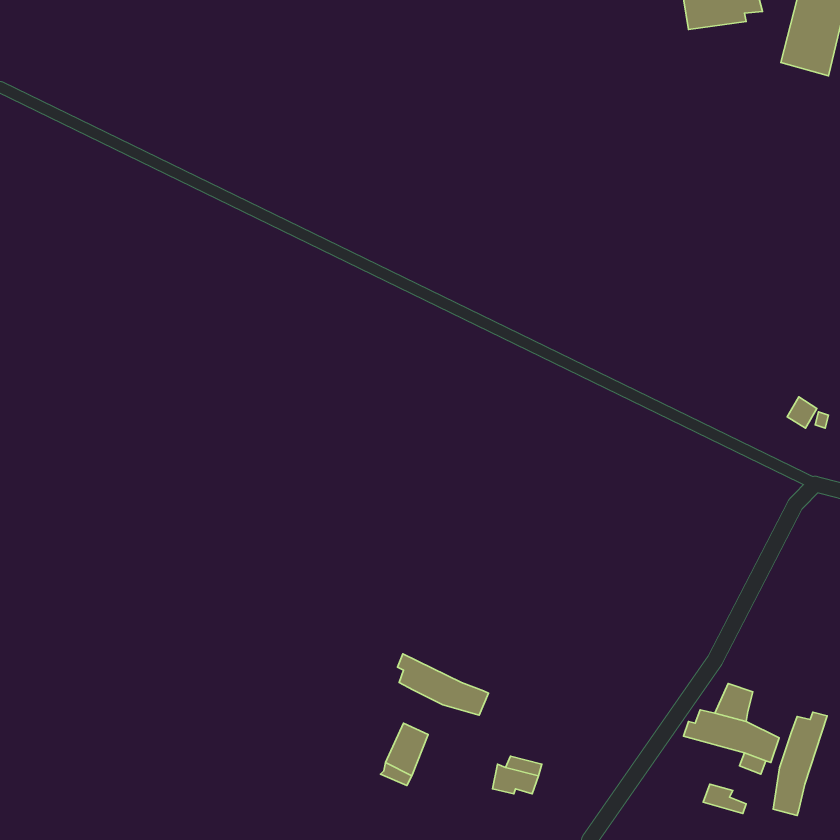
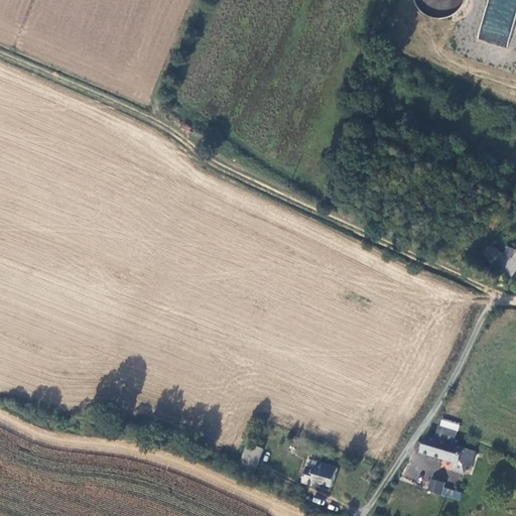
building: [397,654,489,715] -> none
building: [773,712,827,815] -> none

